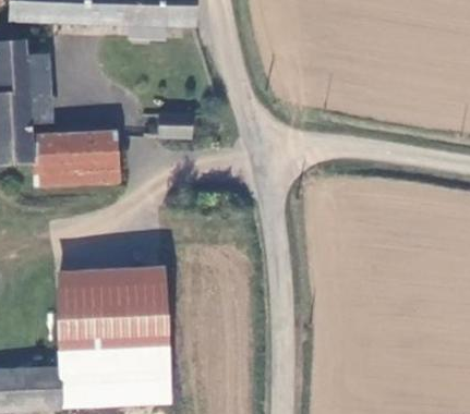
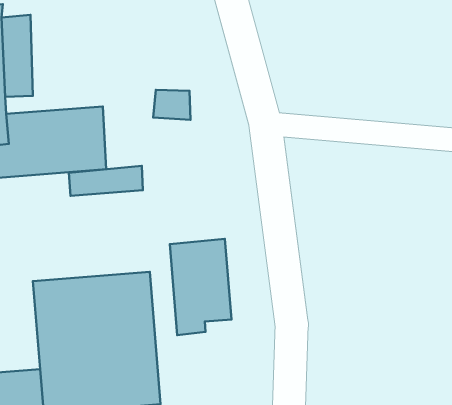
building: none -> [69,166,143,196]
building: none -> [170,239,231,335]

